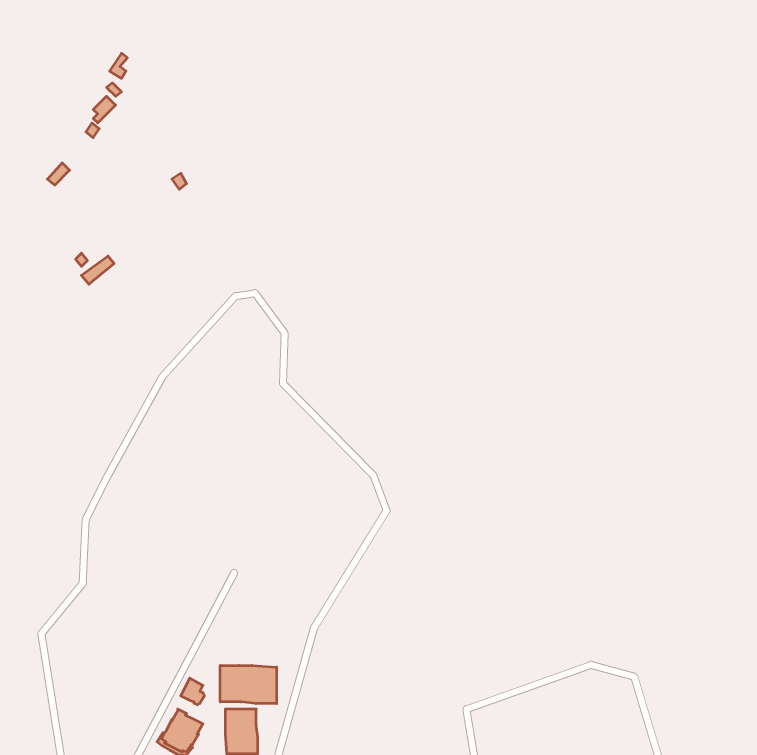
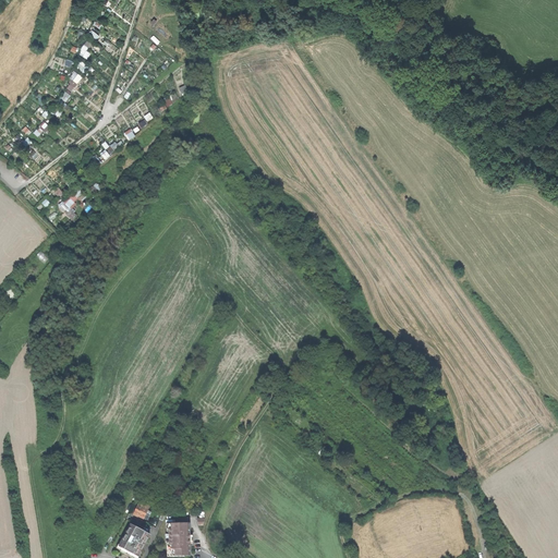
building: [220,665,277,704] -> none

